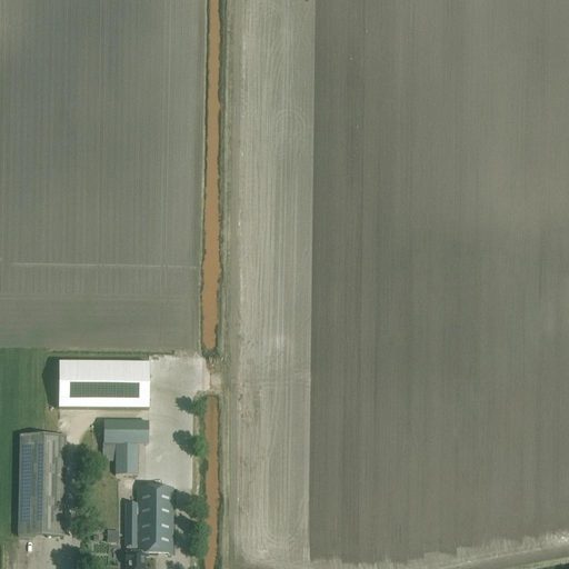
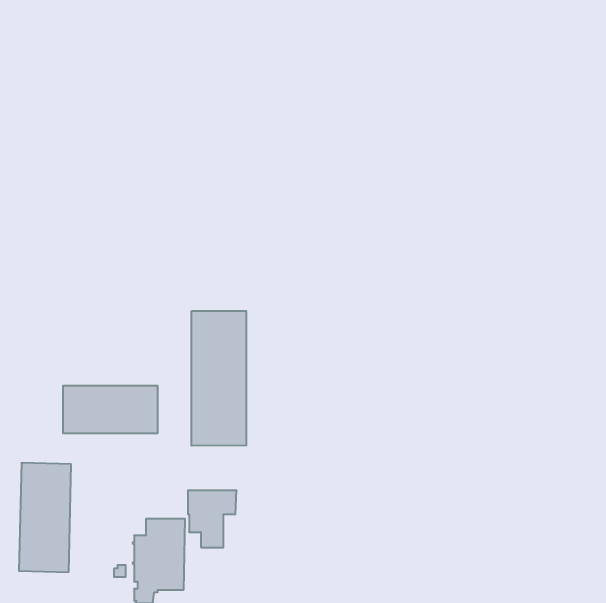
building: none -> [192,311,246,446]
building: [103,420,149,473] -> [188,490,237,547]

